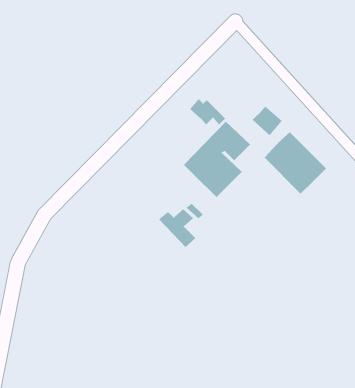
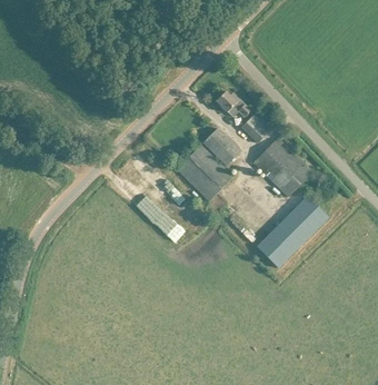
building: [189,98,226,126] -> [216,91,250,117]
building: none -> [257,196,328,267]

